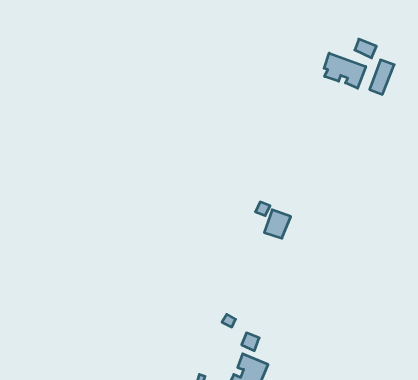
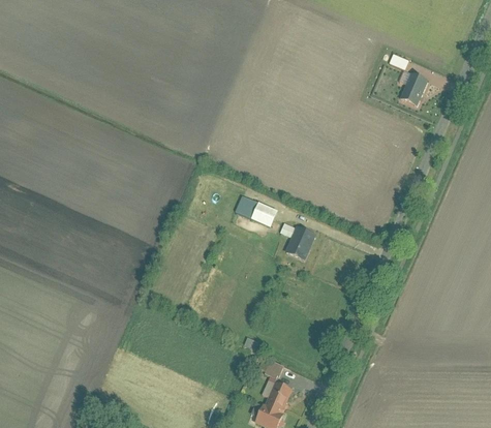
building: [324,53,366,88] -> none
building: none -> [234,193,276,224]

